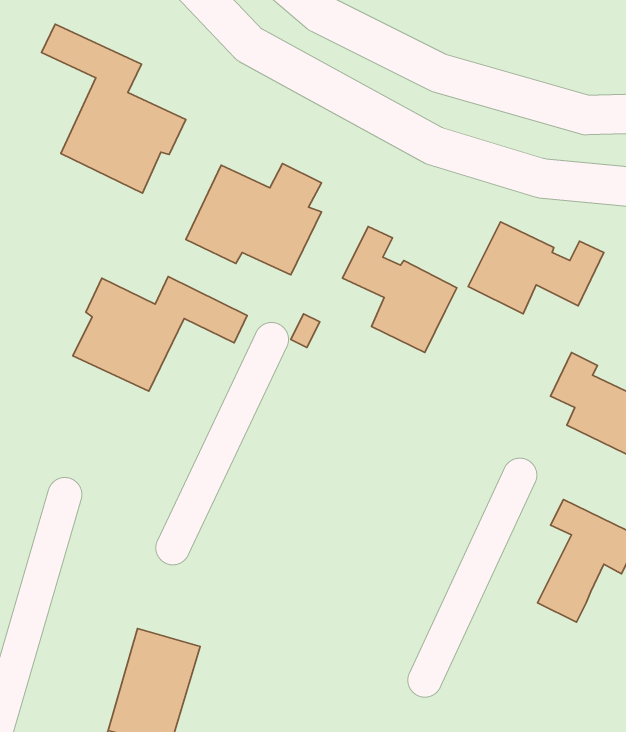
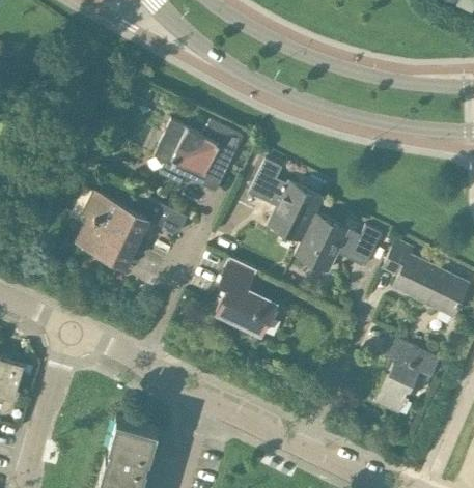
building: [42,24,186,193] -> none
building: [468,222,604,314] -> [295,214,382,274]
building: none -> [216,248,278,334]

